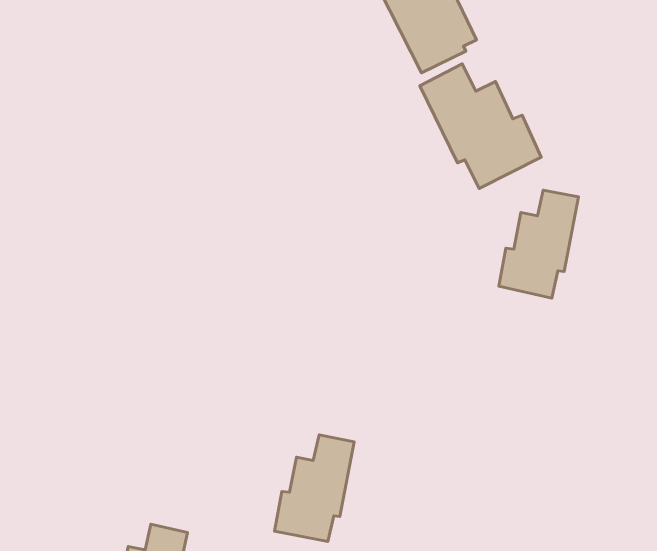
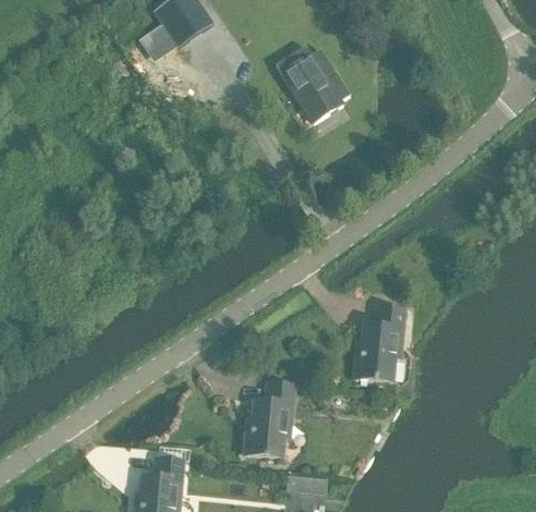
building: [420,64,541,189] -> none
building: [499,190,578,298] -> [354,306,403,381]

